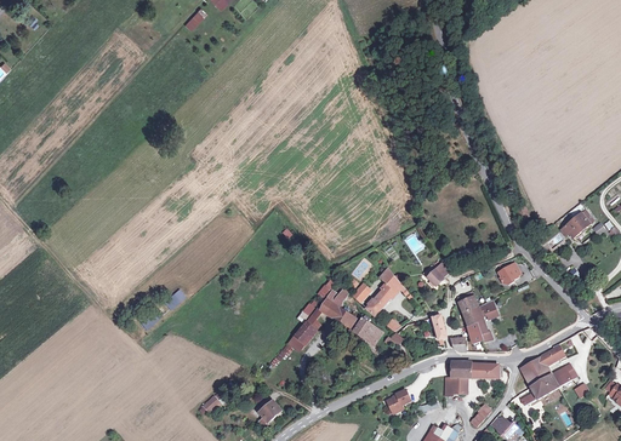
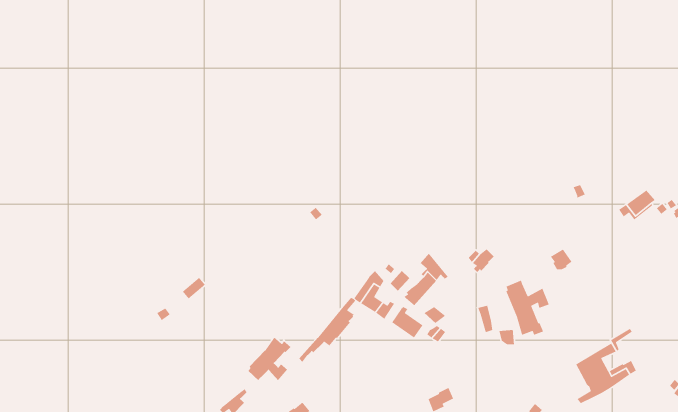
building: none -> [247,337,292,381]
building: [445,361,497,396] -> none

